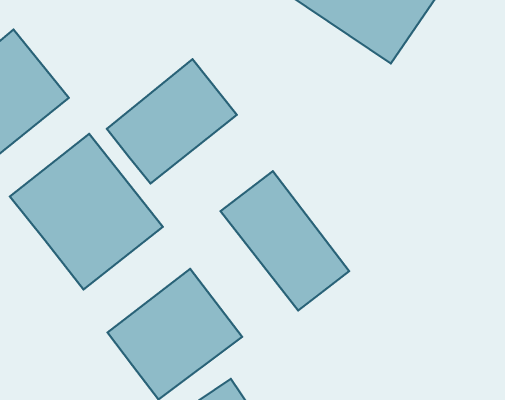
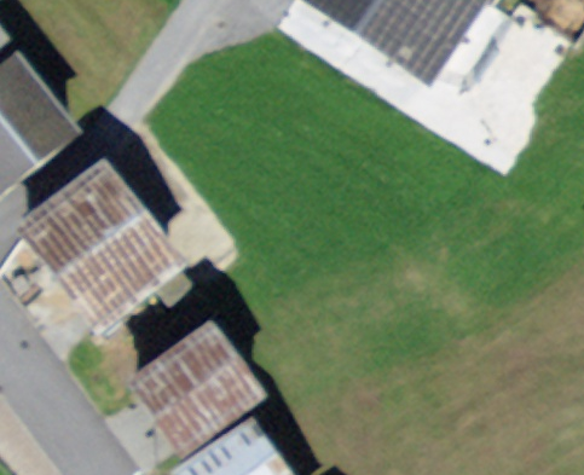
building: [107,59,237,184] -> none
building: [221,171,349,311] -> none

